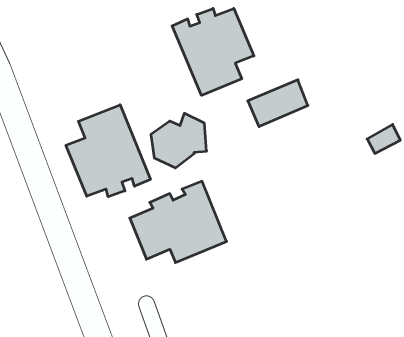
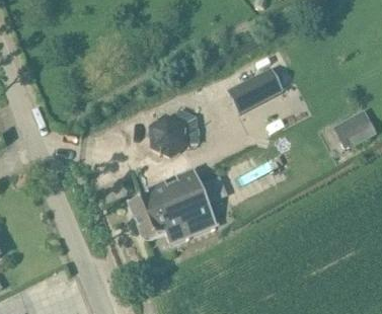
building: [172,8,254,95] -> none
building: [66,105,150,197] -> none

